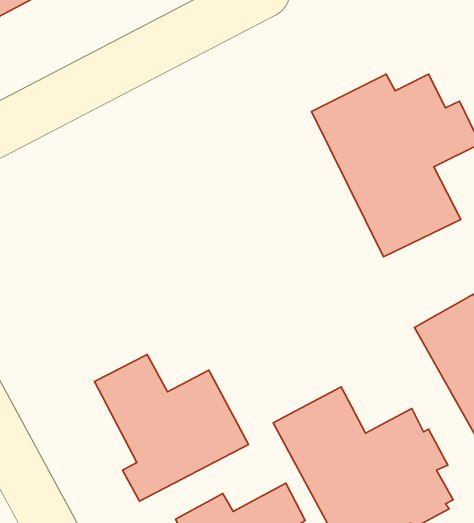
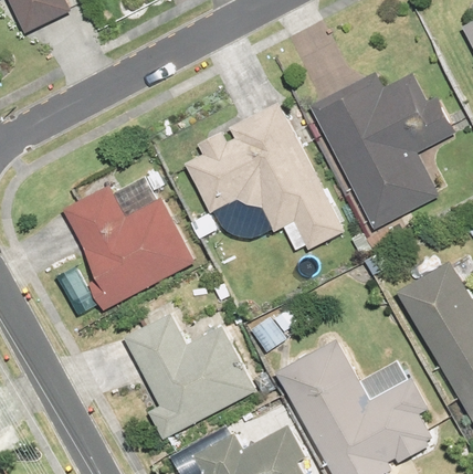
building: none -> [183,102,344,249]
building: none -> [63,169,193,309]

